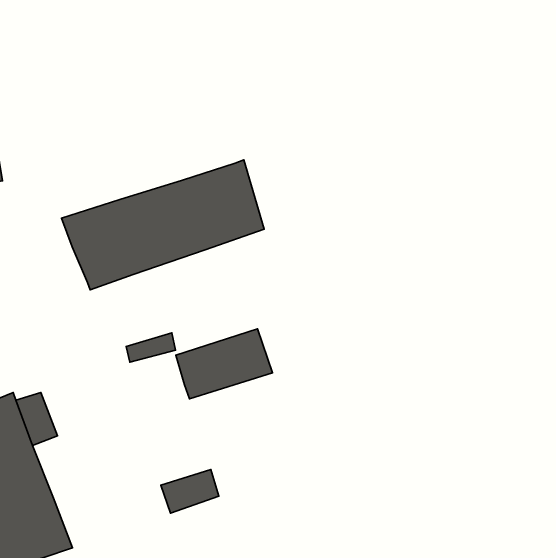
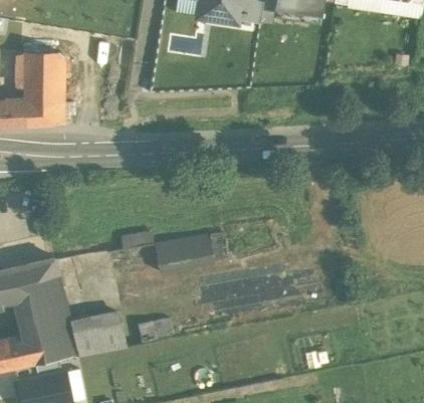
building: [62,160,264,290] -> none
building: none -> [67,314,123,356]

